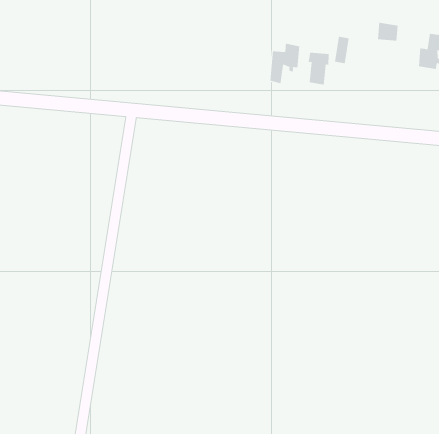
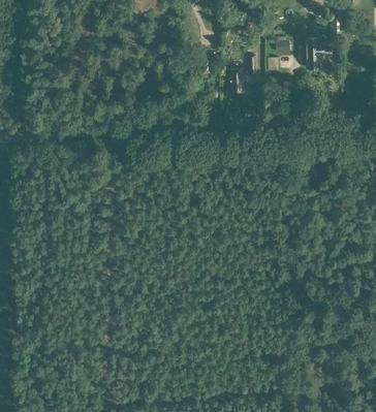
building: [270,43,300,84] -> none

